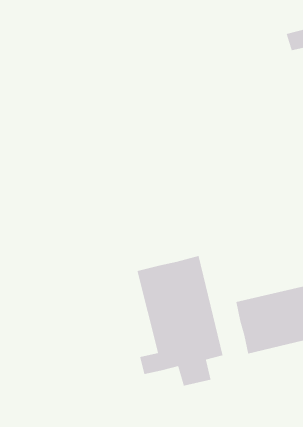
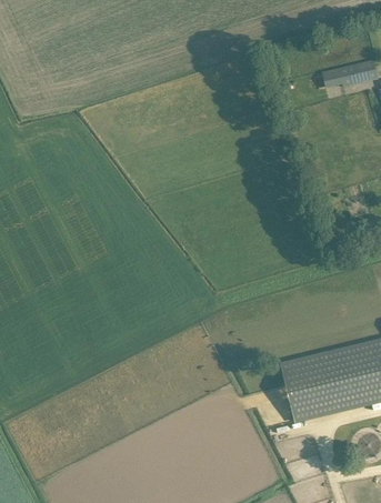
building: [137,255,223,387] -> none

